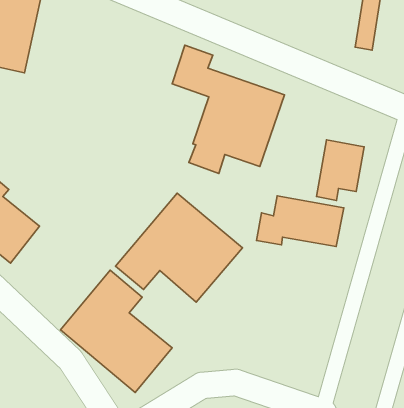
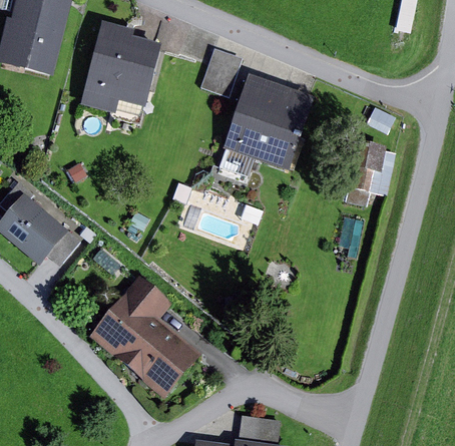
building: none -> [80,22,160,114]
building: [116,193,242,302] -> none
building: [257,196,344,246] -> none

